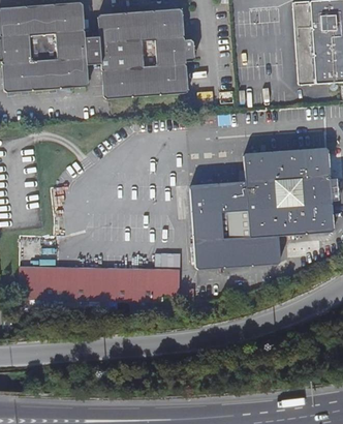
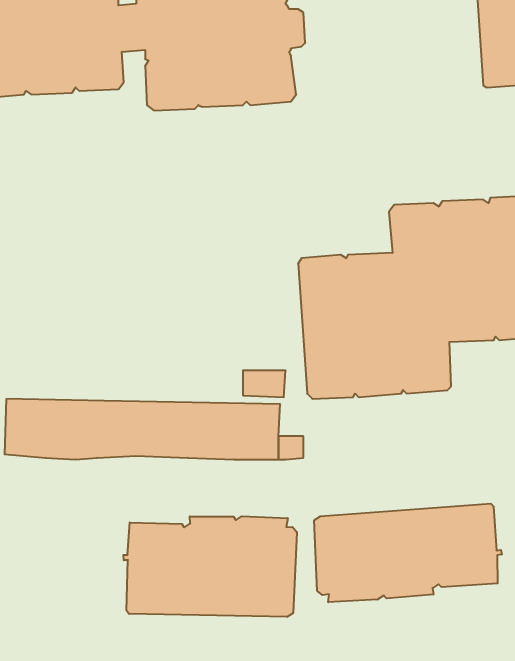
building: none -> [314,504,502,602]
building: none -> [123,516,297,617]

